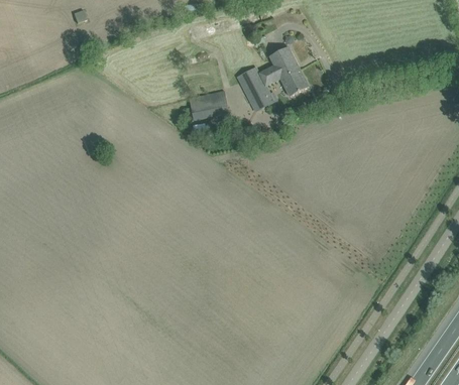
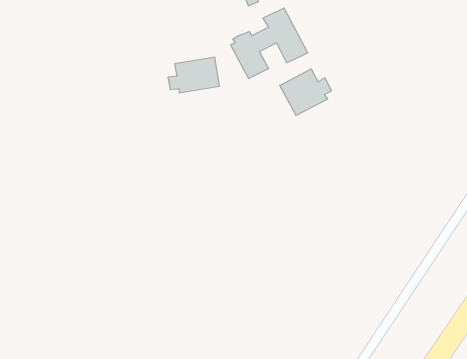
building: none -> [280,69,331,116]

